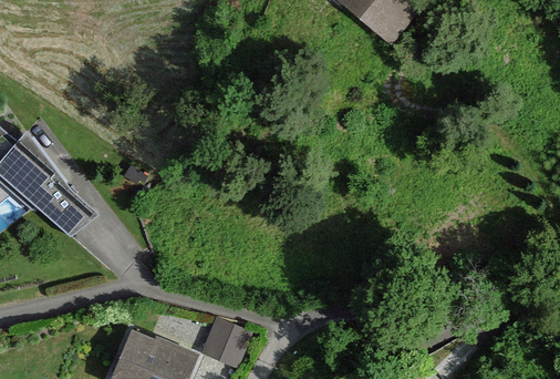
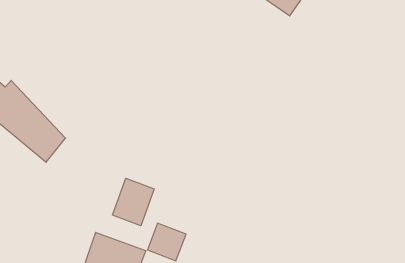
building: none -> [112,178,154,226]

